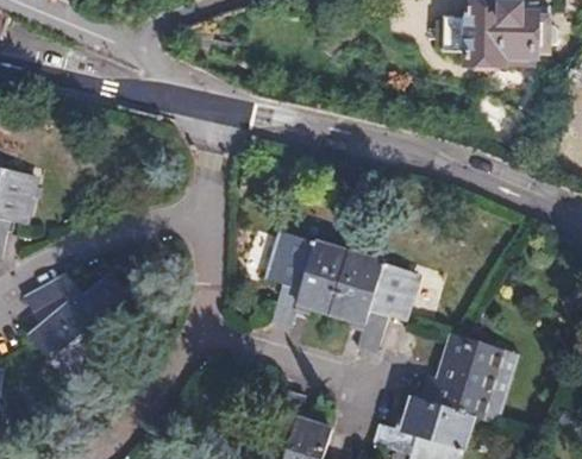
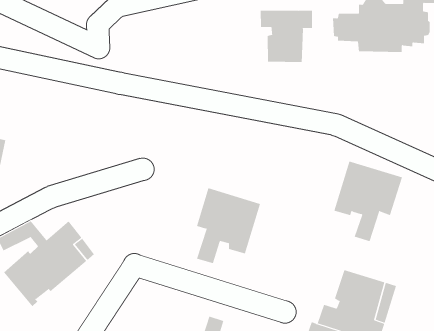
building: none -> [260,10,312,63]
building: [330,253,415,353] -> [334,161,403,242]

